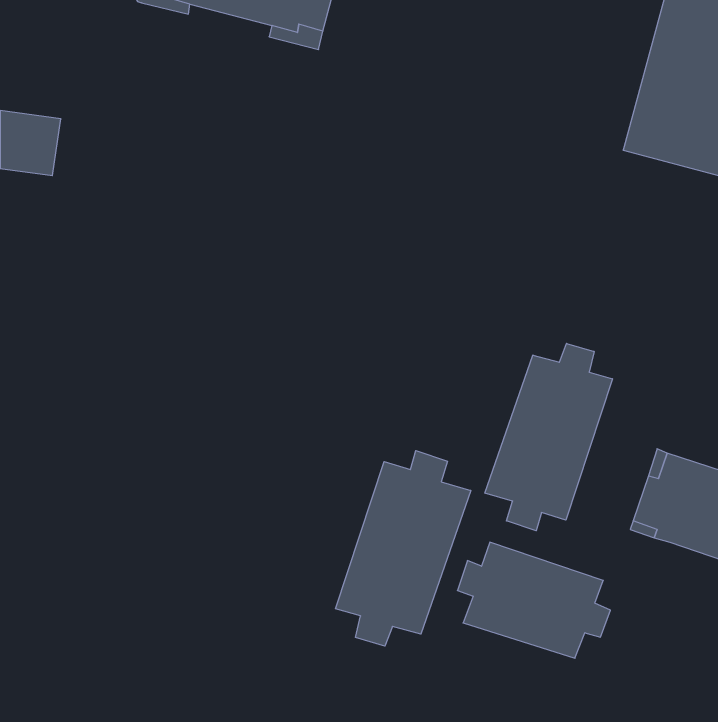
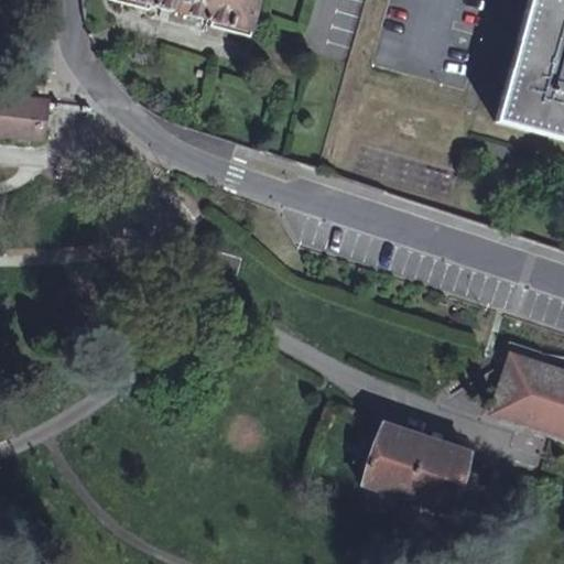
building: [485,343,612,531] -> none
building: [336,451,471,646] -> none

